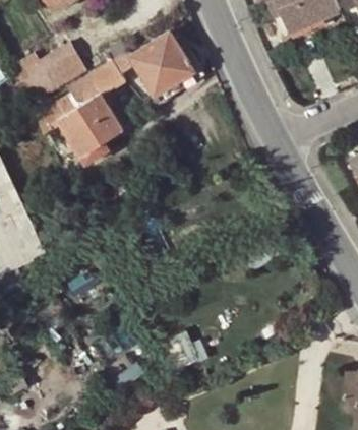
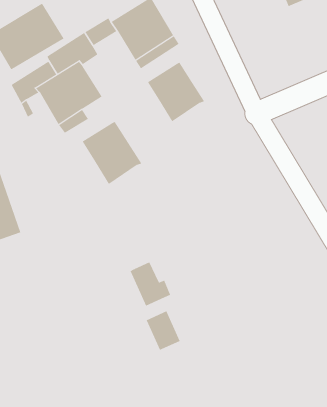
building: none -> [147,62,205,122]
building: none -> [82,121,142,185]
building: none -> [130,261,171,307]

